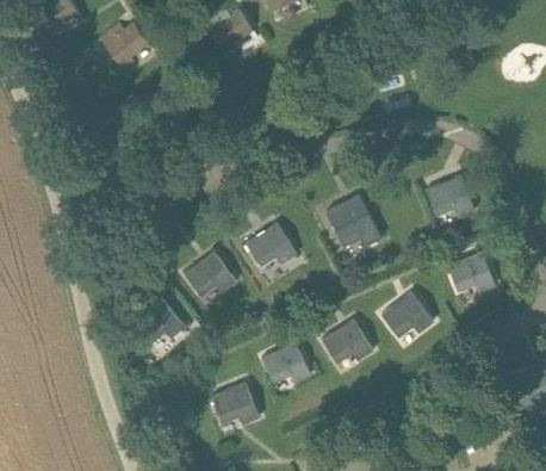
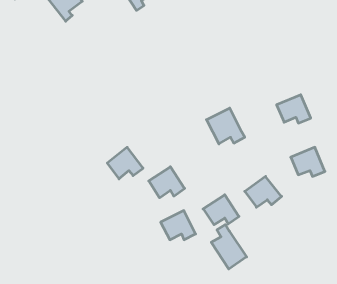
building: [246,222,297,266] -> [149,167,185,198]
building: [134,297,186,342] -> none
building: none -> [211,225,247,269]
building: [211,383,260,424] -> none

